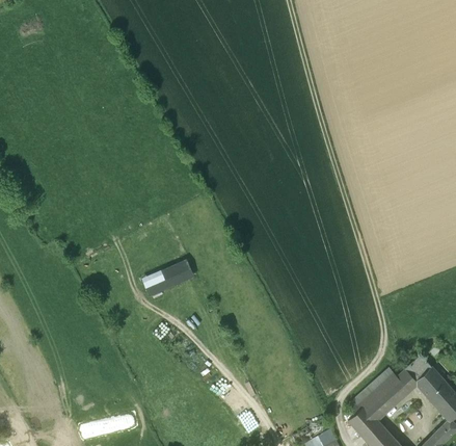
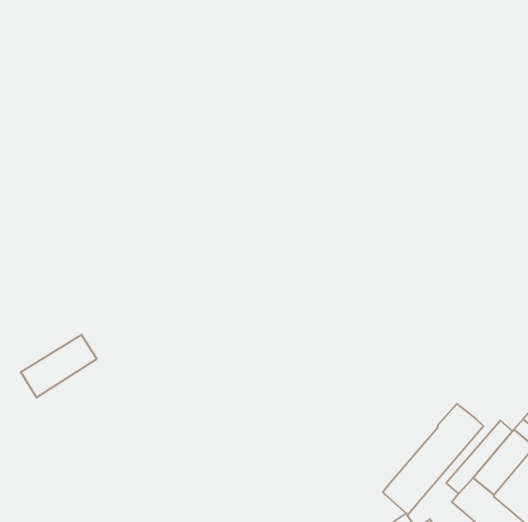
building: [141,259,194,297] -> [21,335,97,398]
building: none -> [383,404,483,515]

